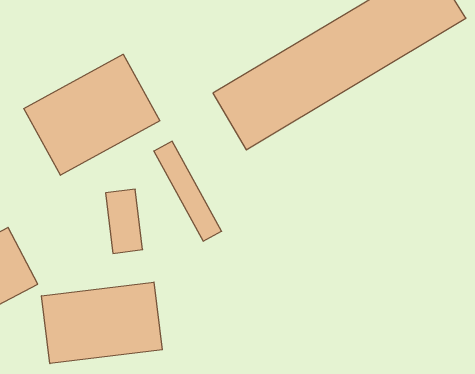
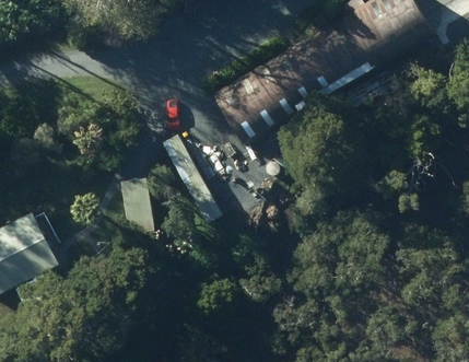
building: [24,54,160,175] -> none
building: [42,282,162,364] -> none

